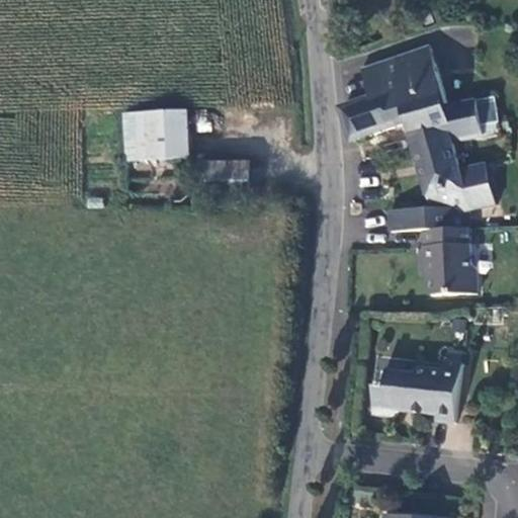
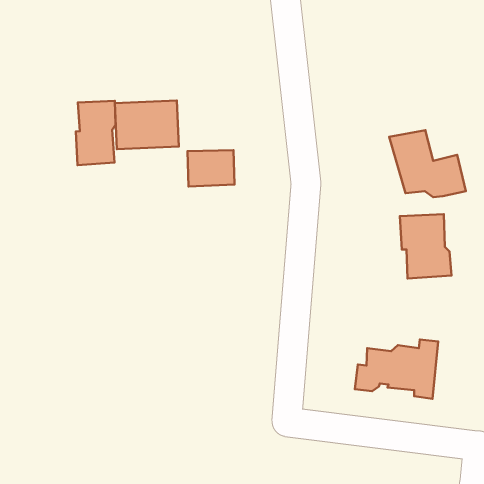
building: [341,42,486,145] -> none
building: none -> [76,101,116,165]
building: [388,202,469,230] -> none

